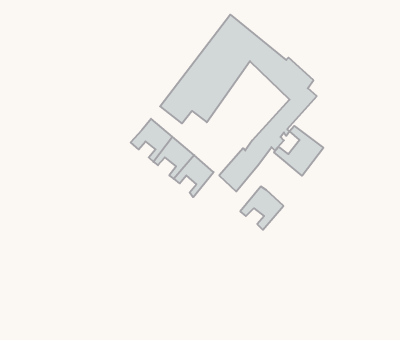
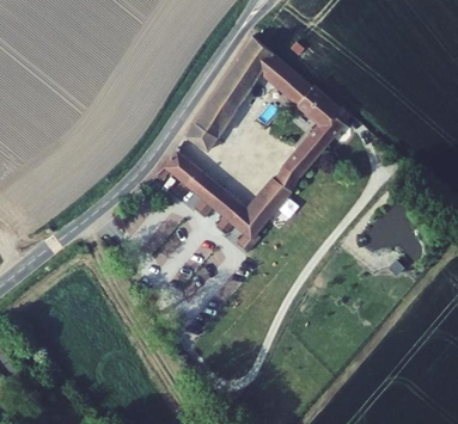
building: [274,126,323,176] -> none
building: [240,187,283,230] -> [215,205,261,251]

